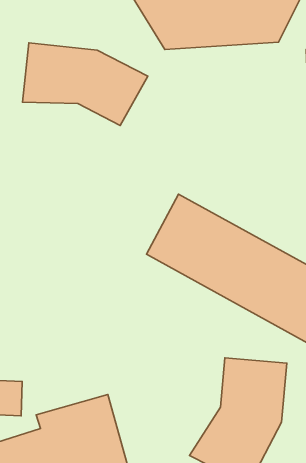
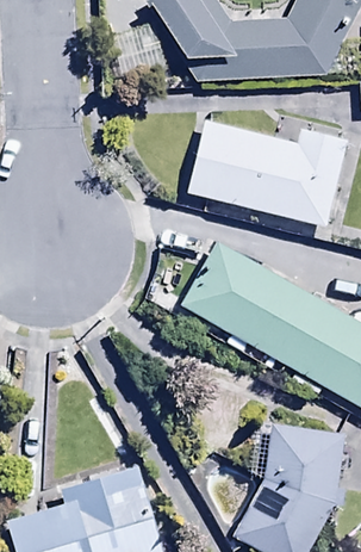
building: [23,43,148,126] -> none
building: none -> [186,119,346,225]

